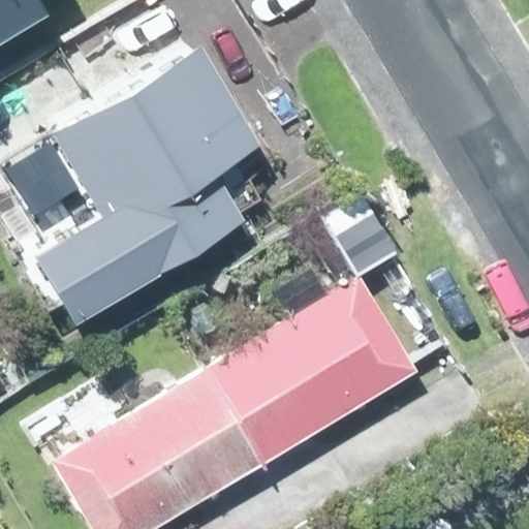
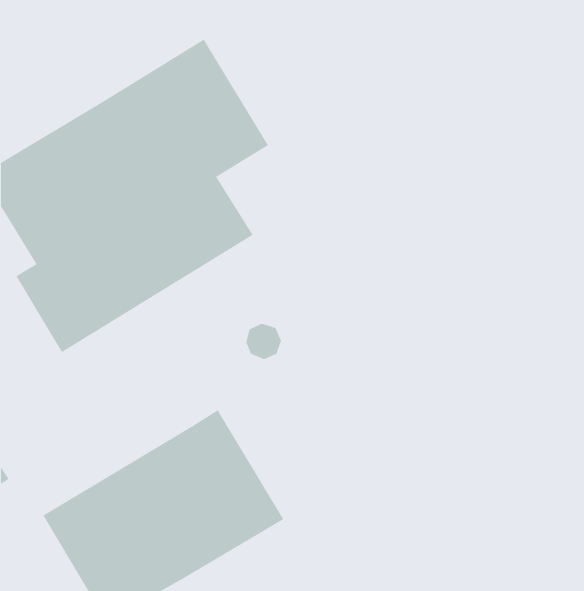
building: [208,278,416,465] -> none

